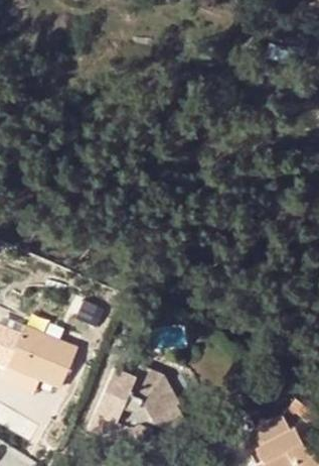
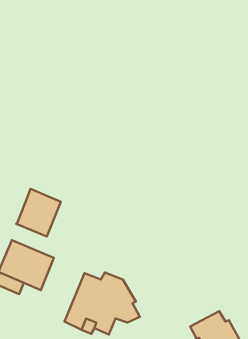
building: none -> [16,189,61,236]

